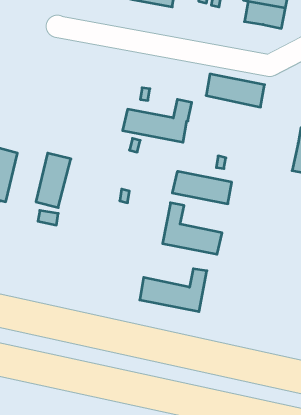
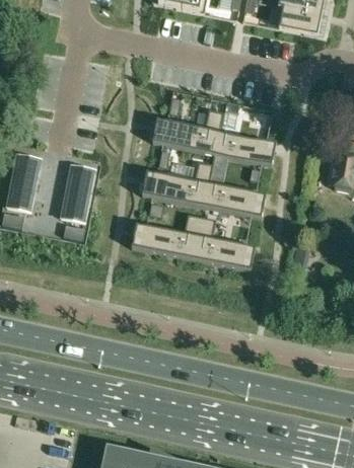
building: [206,74,265,107] -> [214,132,275,166]
building: none -> [141,162,213,207]
building: [140,269,207,312] -> [131,215,201,259]

